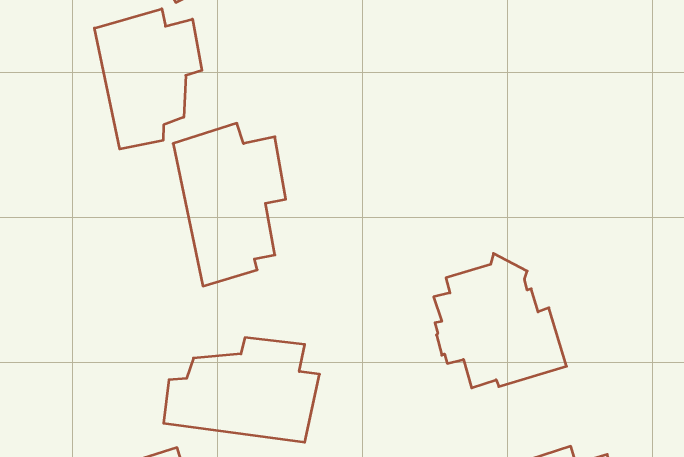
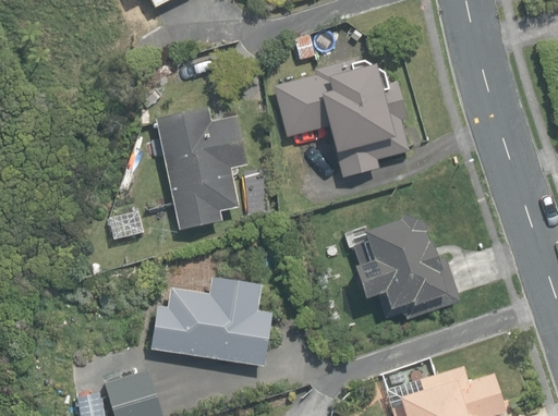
building: [94,9,202,149] -> none
building: none -> [274,57,410,178]

